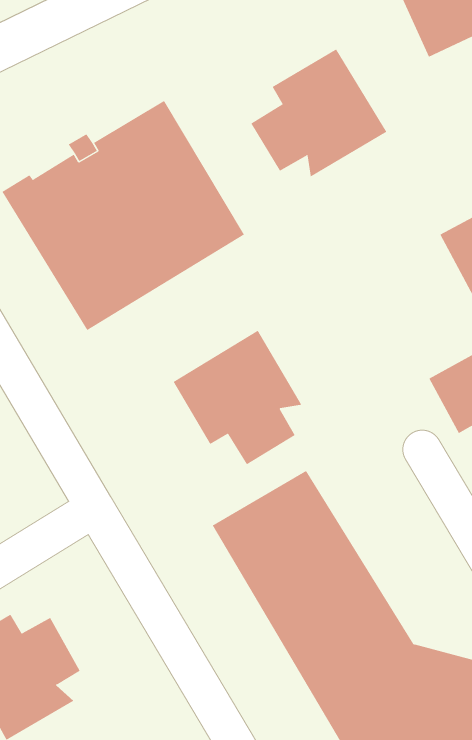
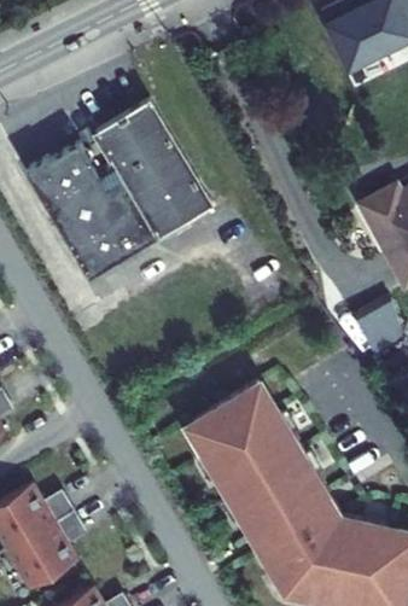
building: [250,49,387,178] -> none
building: [173,330,302,465] -> none

